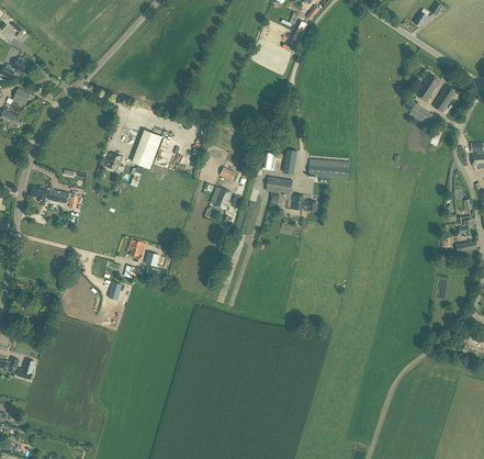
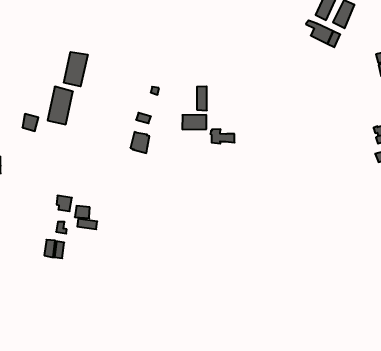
building: none -> [64,52,88,86]
building: [308,159,350,182] -> none

